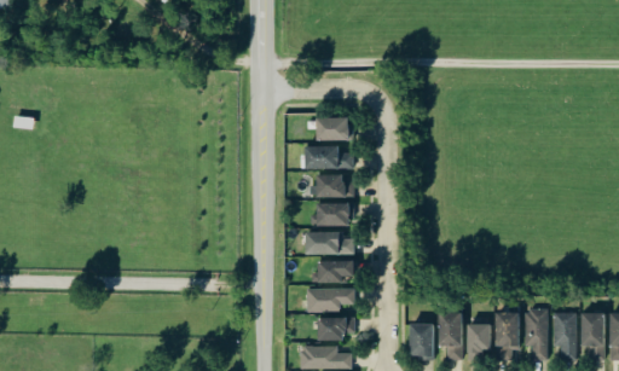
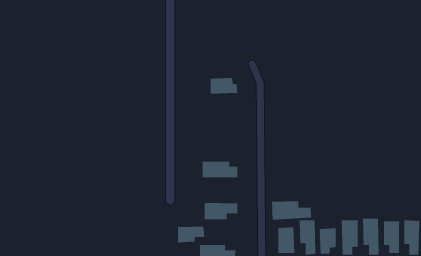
building: [303,145,354,168] -> none
building: [311,174,354,197] -> none
building: [311,202,353,225] -> none
building: [317,260,352,282] -> none
building: none -> [272,200,311,221]
building: [317,317,355,340] -> [177,226,205,243]

